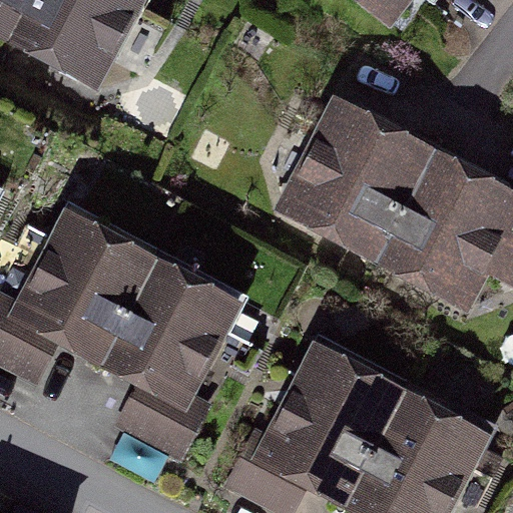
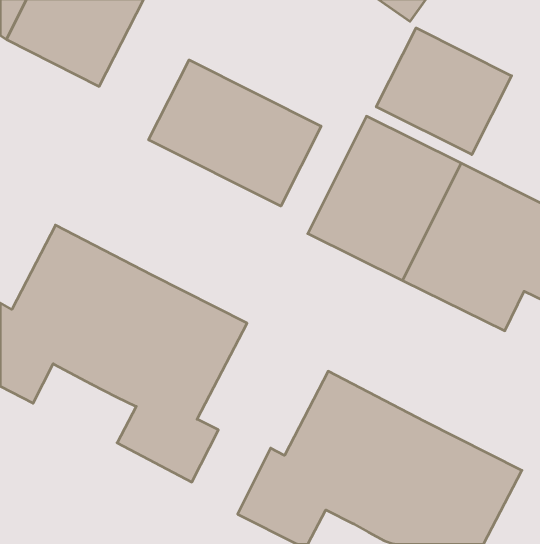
building: none -> [376,28,512,155]
building: none -> [149,60,321,206]

